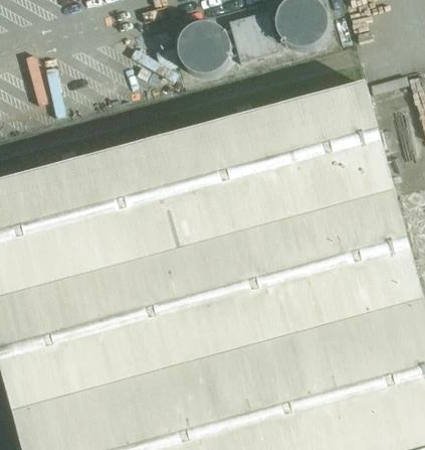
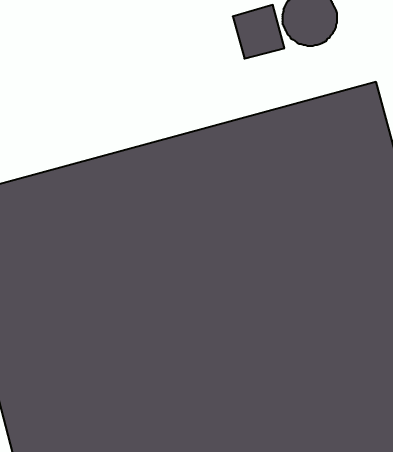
building: [176,20,229,72] -> none

